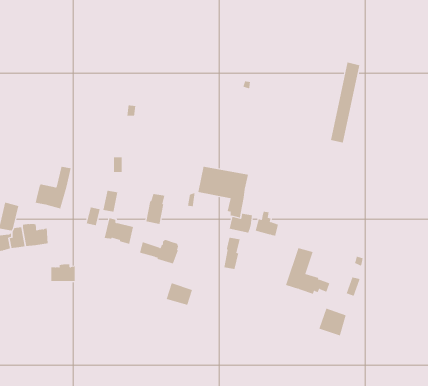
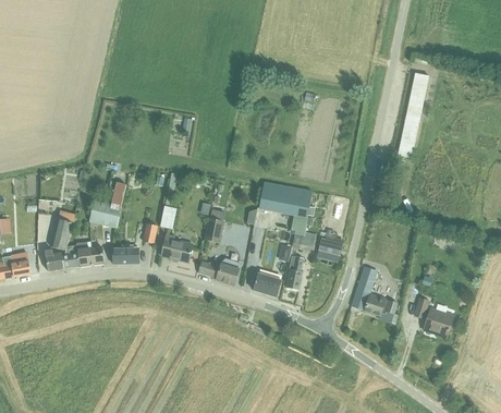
building: [51,264,76,282] -> [112,244,138,263]
building: [166,283,193,306] -> [253,272,281,296]
building: [318,308,347,336] -> [423,307,452,337]

